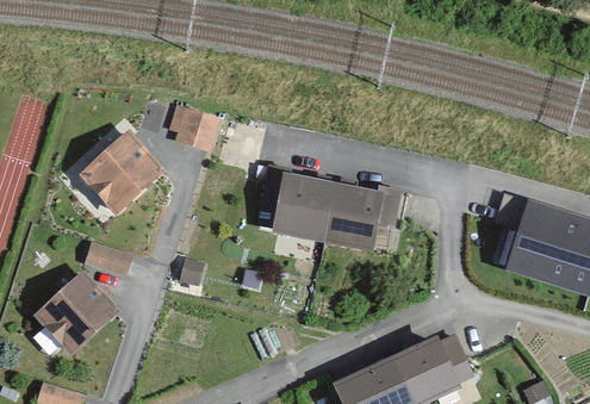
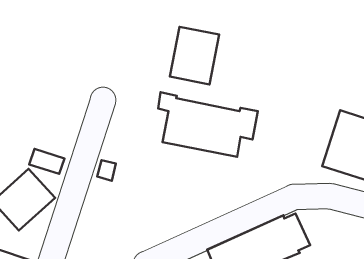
building: none -> [170,27,219,84]
building: [168,105,219,151] -> none
building: [76,129,163,215] -> none

